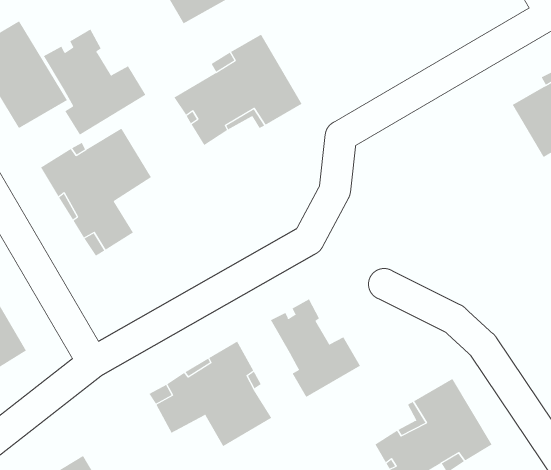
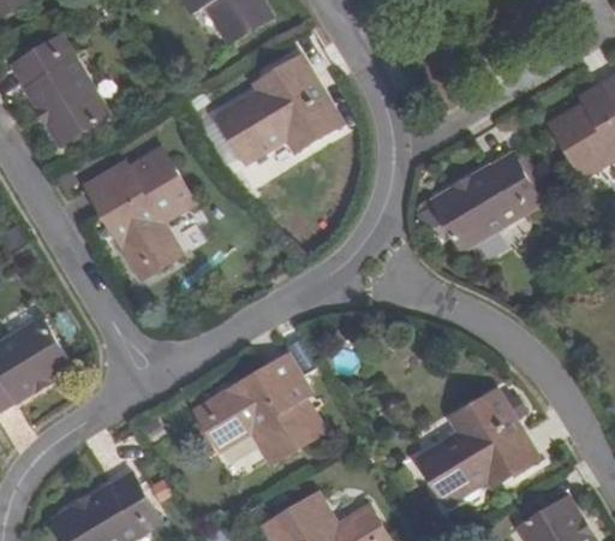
building: [43,29,146,136] -> none
building: none -> [431,151,539,249]
building: [270,299,361,398] -> none

